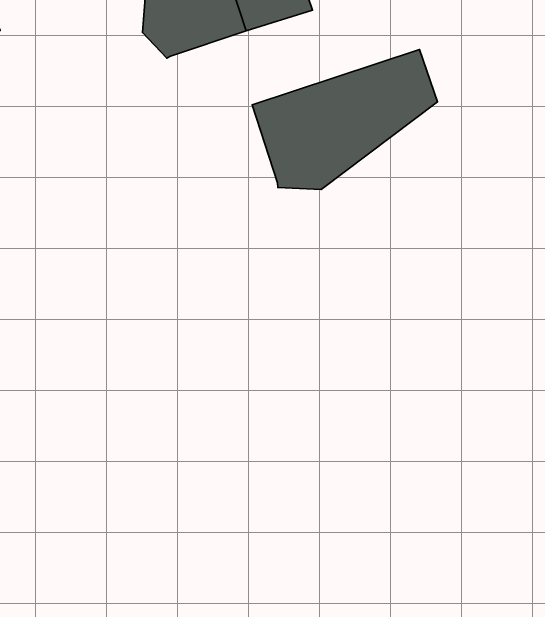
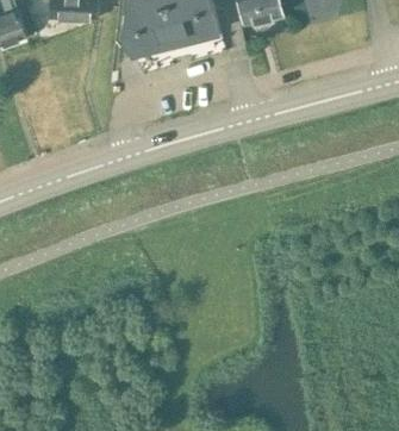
building: [252,50,438,190] -> none

